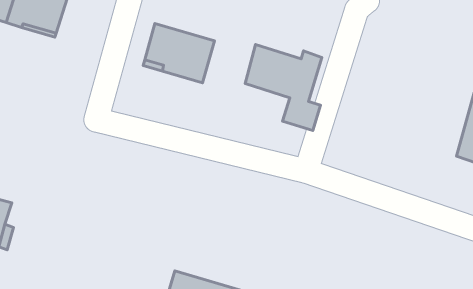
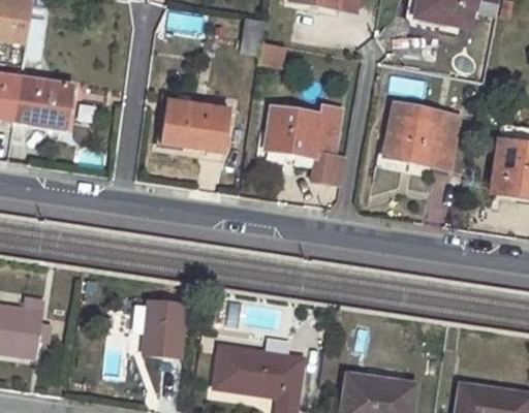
building: none -> [382,101,457,167]
building: none -> [143,301,185,357]

